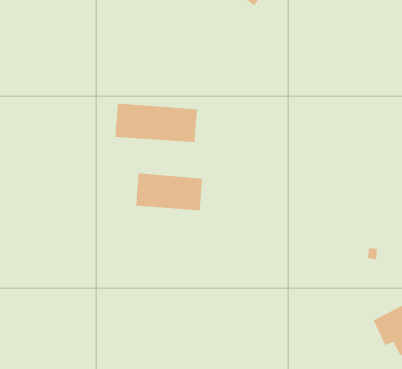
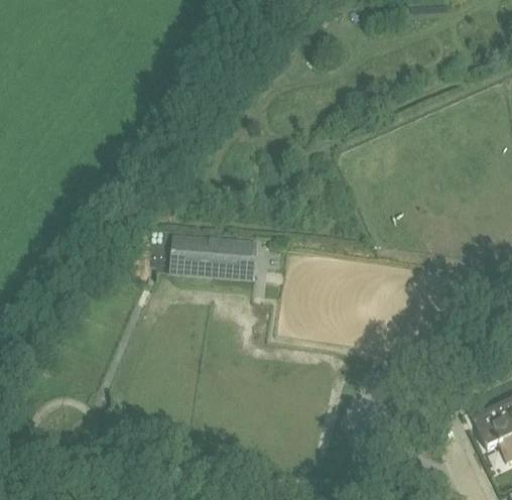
building: [115,103,198,143] -> none

